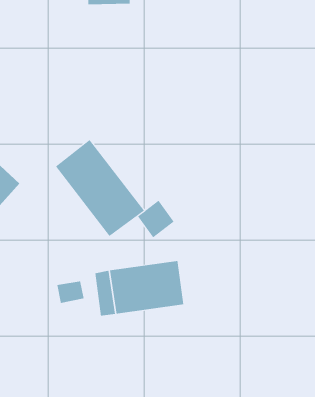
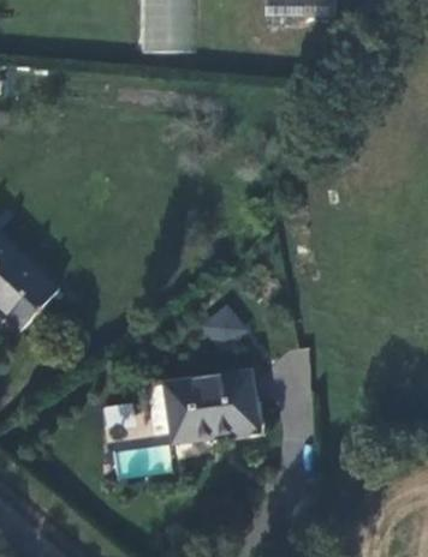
building: [55,139,145,237] -> none

